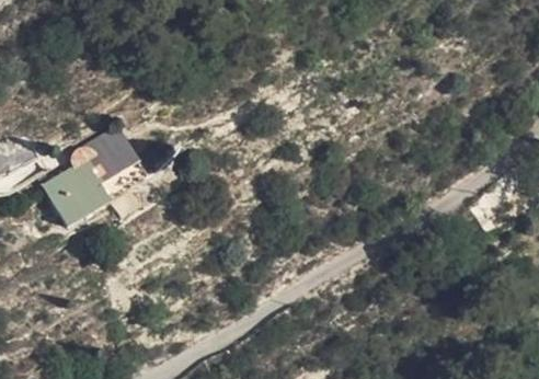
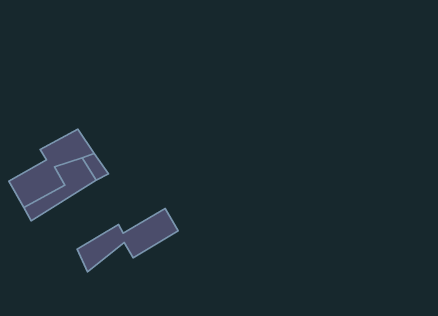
building: none -> [77,209,178,272]

